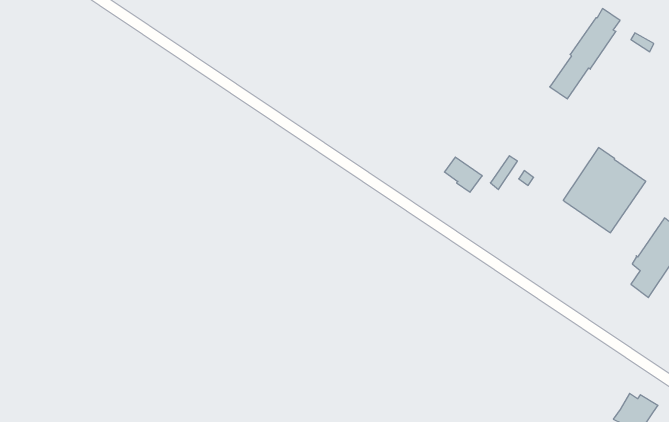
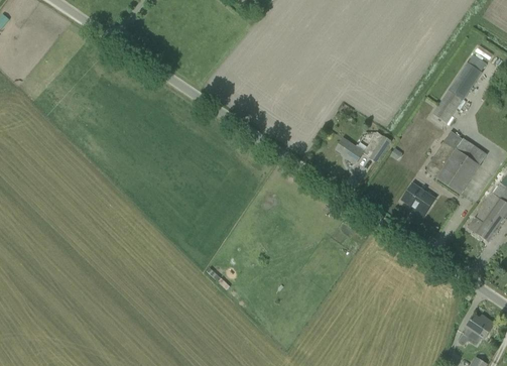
building: [550,9,620,99] -> [433,54,486,122]
building: none -> [402,182,435,215]

